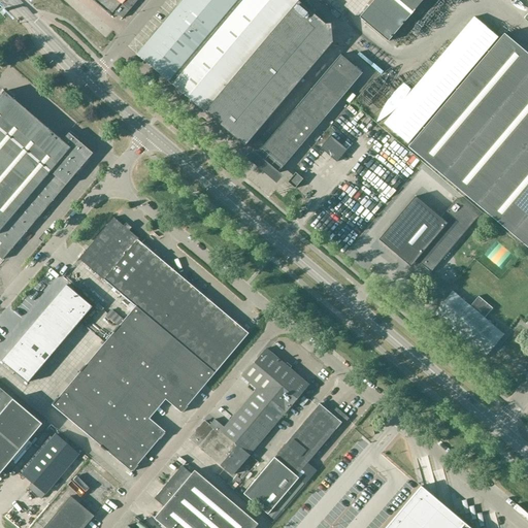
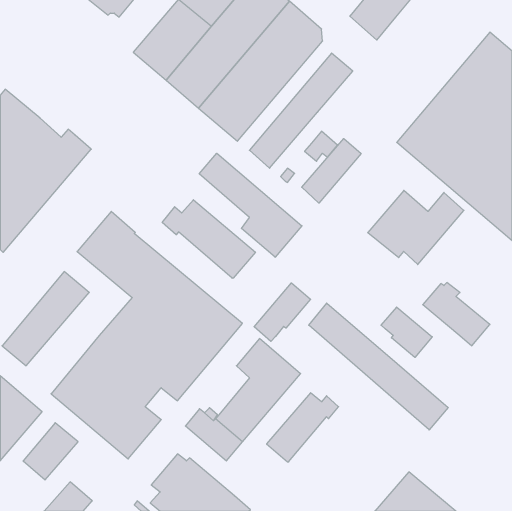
building: [384,16,498,143] -> none
building: none -> [302,139,361,203]
building: none -> [199,153,302,257]
building: none -> [162,200,255,278]
building: none -> [254,283,311,341]
building: none -> [309,303,448,430]
building: none -> [381,307,432,357]
building: [243,457,299,514] -> none

